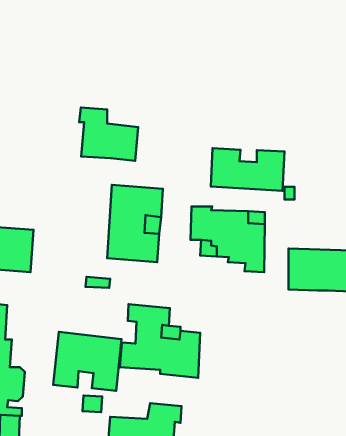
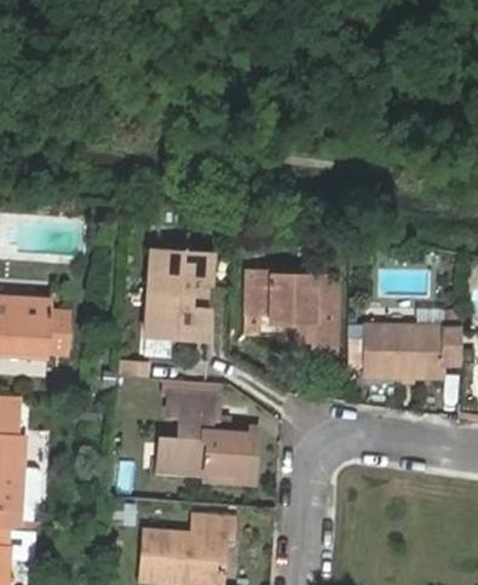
building: [79,108,138,161] -> none
building: [211,148,284,191] -> none
building: [53,332,121,391] -> none

